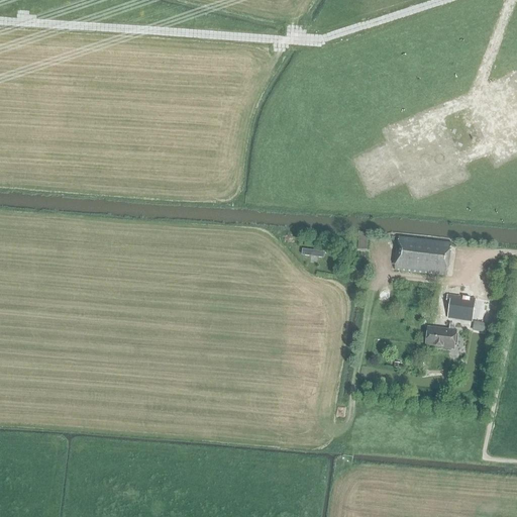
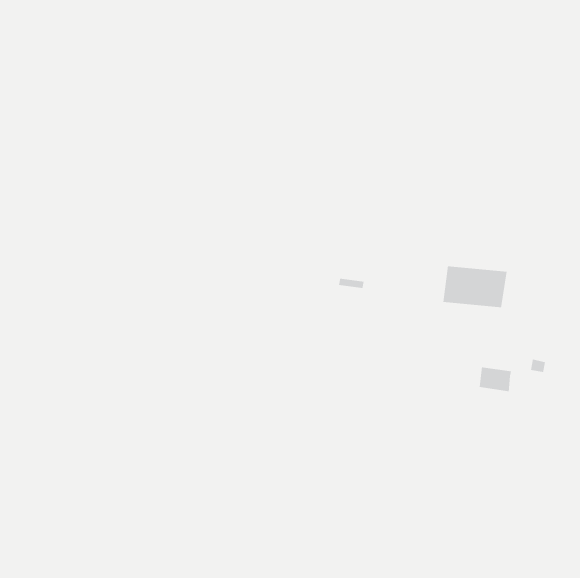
building: [447,293,475,320] -> none

